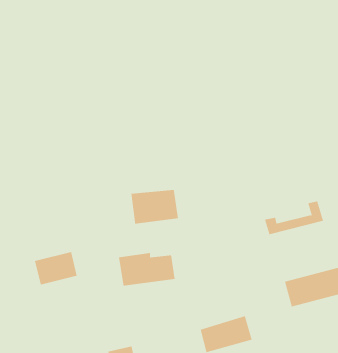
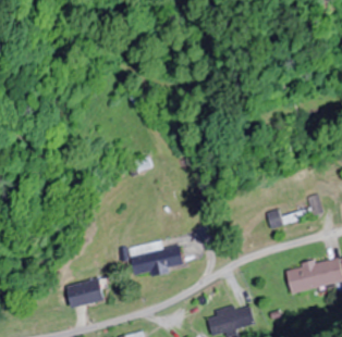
building: [131,189,179,225] -> none
building: [34,251,78,285] -> [64,277,105,309]

